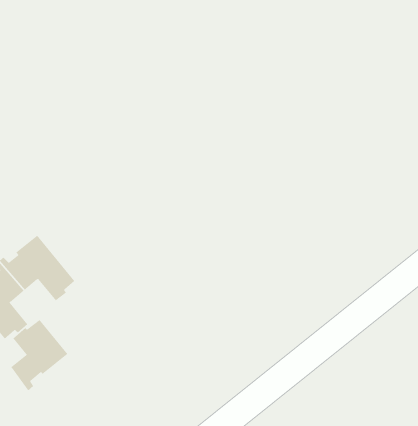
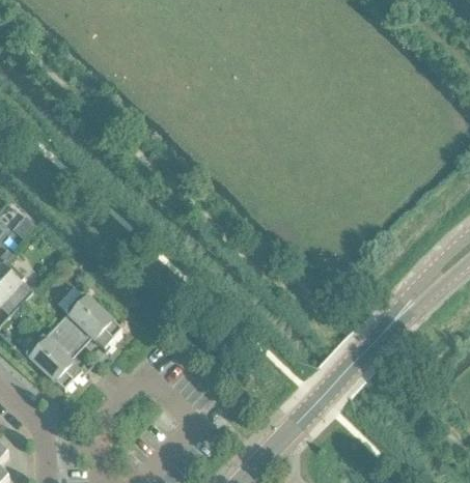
building: [10,319,68,391] -> none

